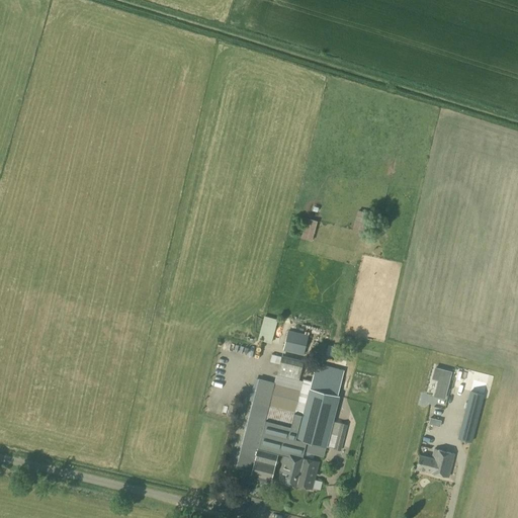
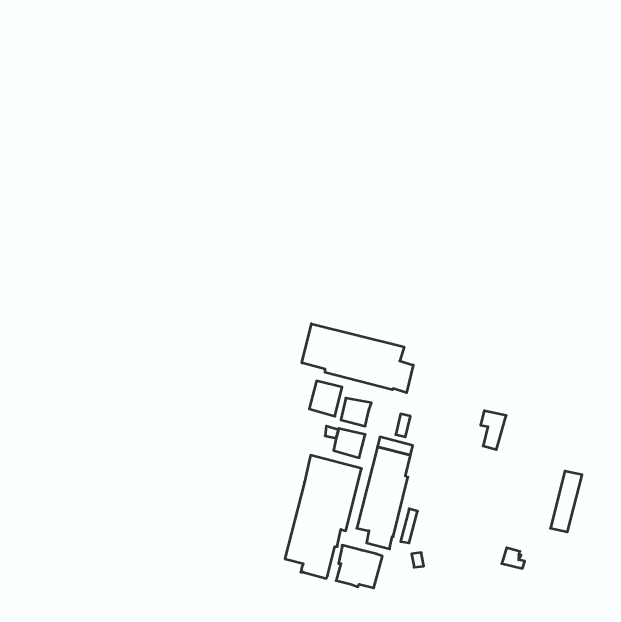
building: none -> [302,324,413,393]
building: [432,367,453,400] -> [481,411,506,450]
building: [432,449,455,477] -> none

